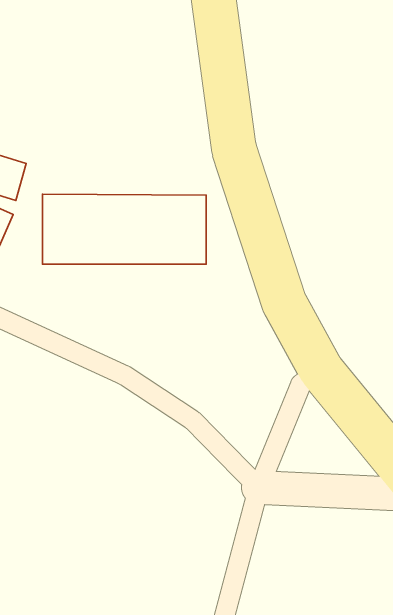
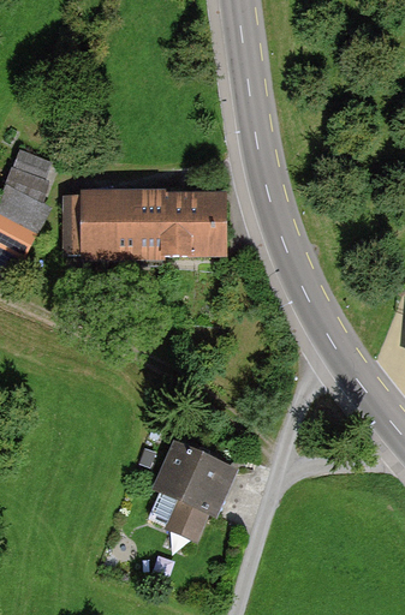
building: none -> [155,440,236,539]

